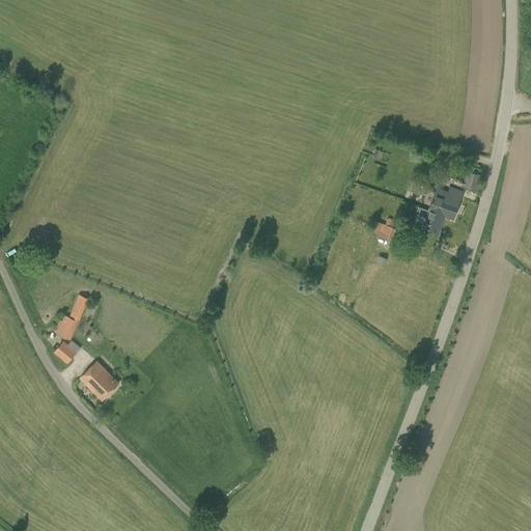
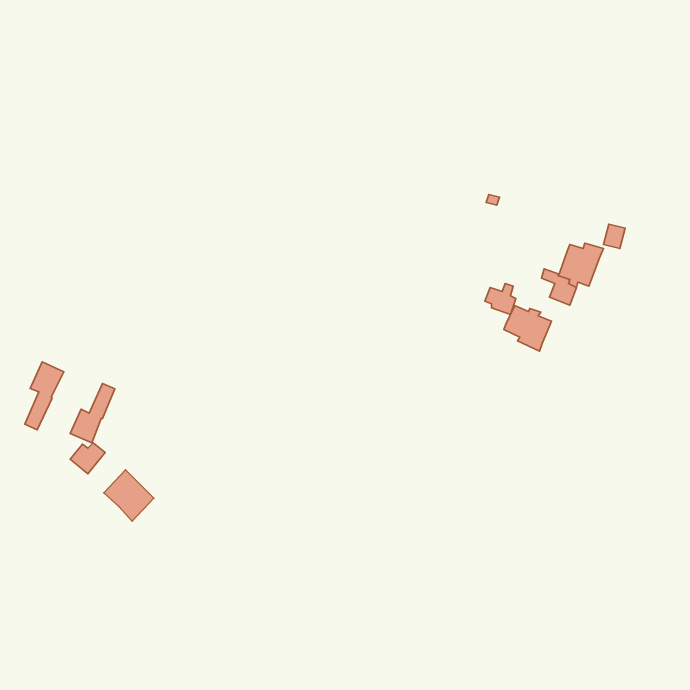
building: none -> [504,305,552,351]
building: none -> [25,362,64,430]

